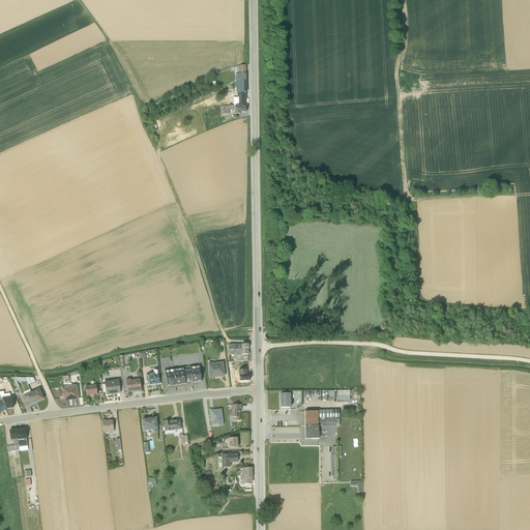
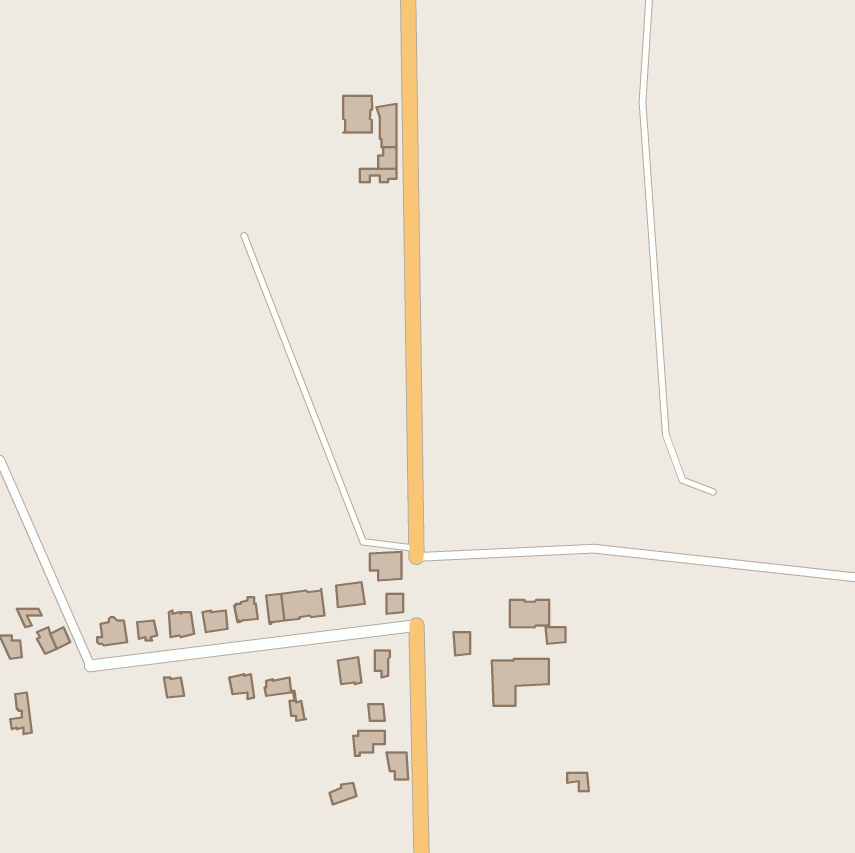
building: none -> [343,96,372,132]
building: none -> [510,600,549,627]

